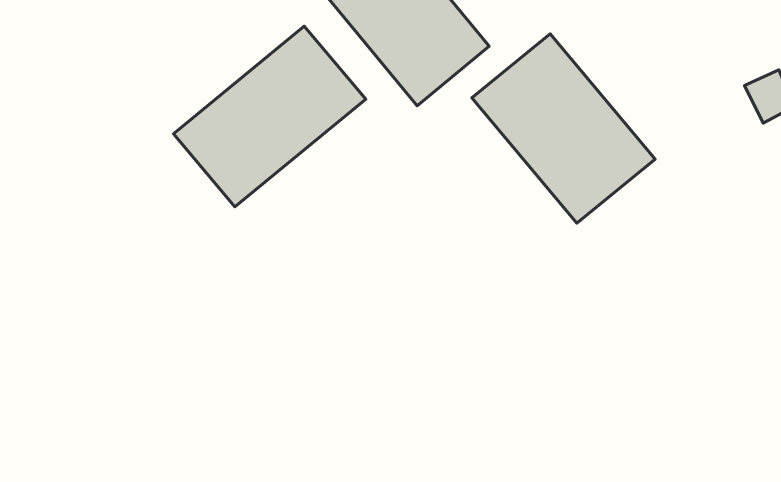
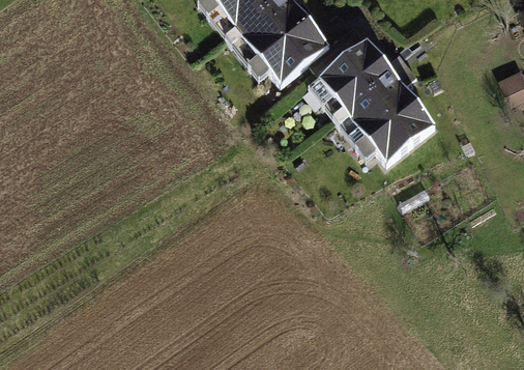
building: [173,26,366,207] -> none

